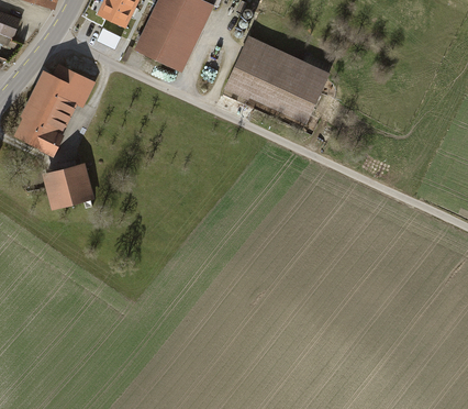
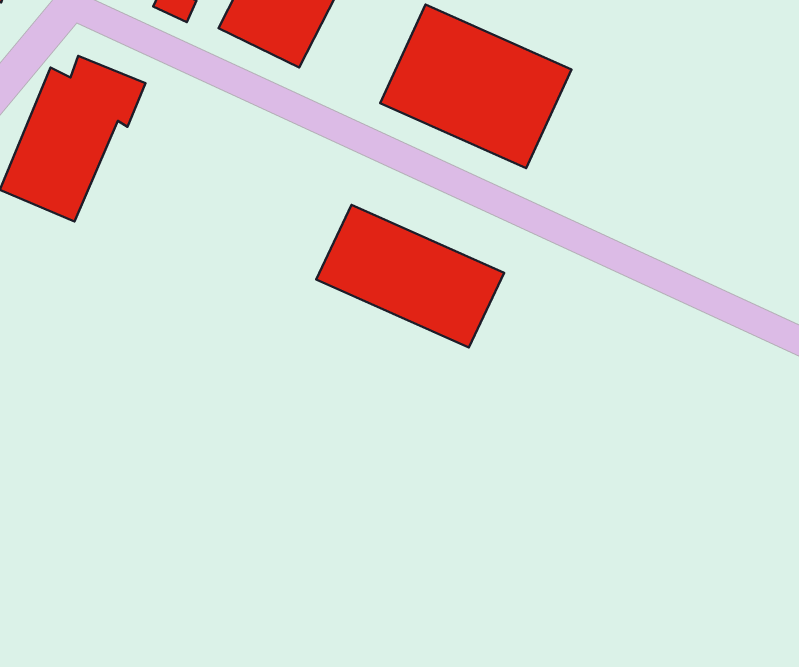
building: none -> [316,205,504,348]
building: [42,165,93,209] -> none

